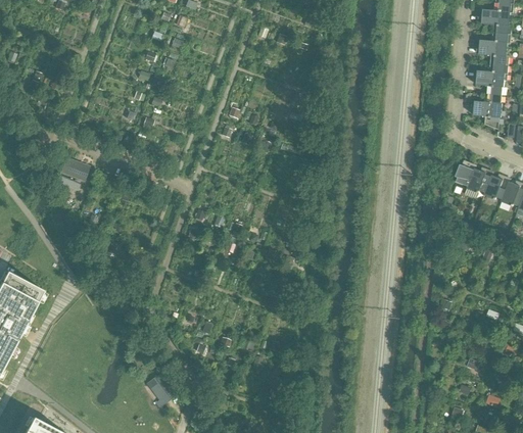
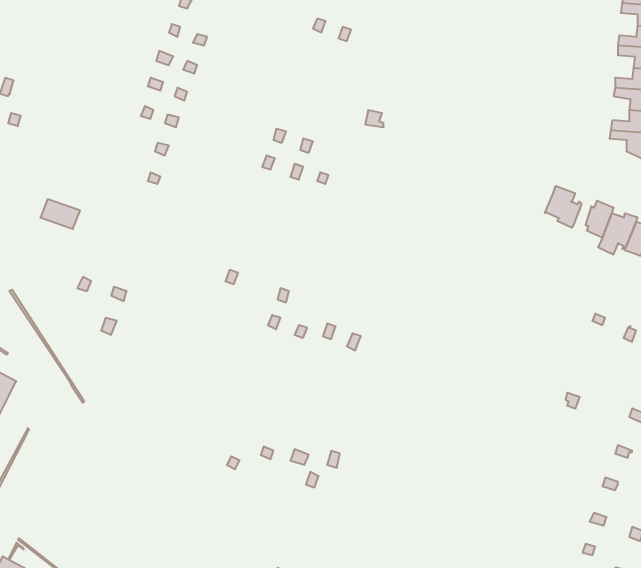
building: none -> [545,186,581,228]
building: [146,373,175,404] -> none

